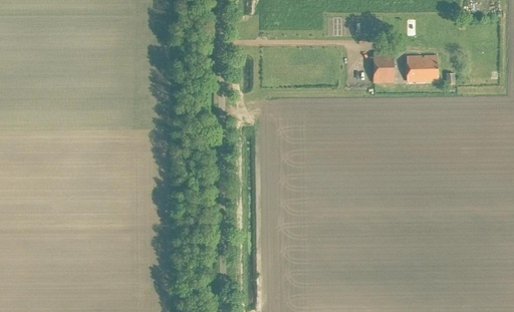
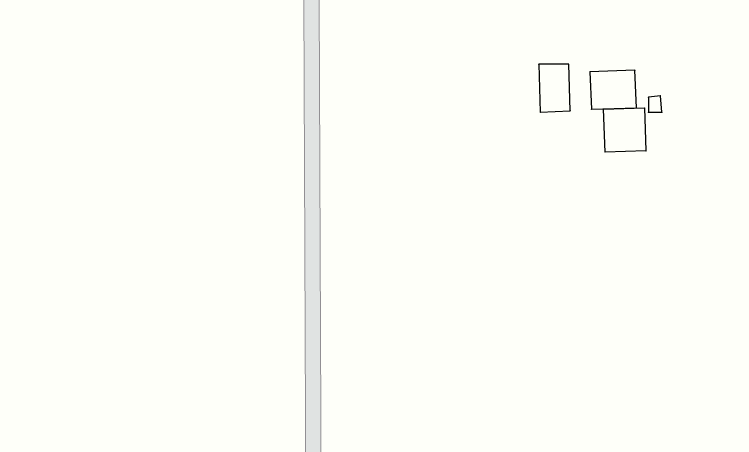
building: none -> [604,108,646,152]

